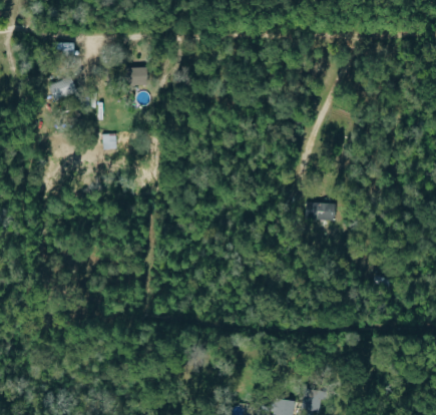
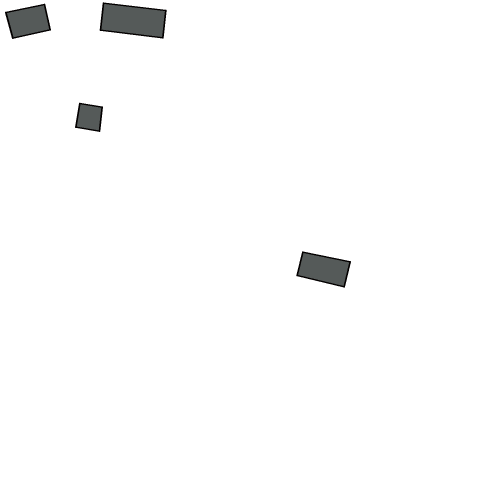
building: [305,202,336,220] -> [297,252,350,287]

